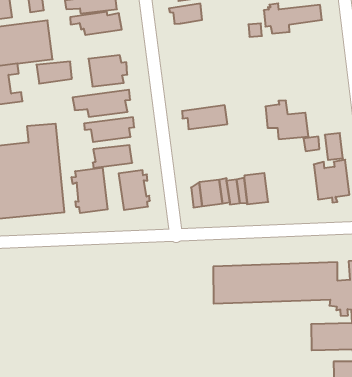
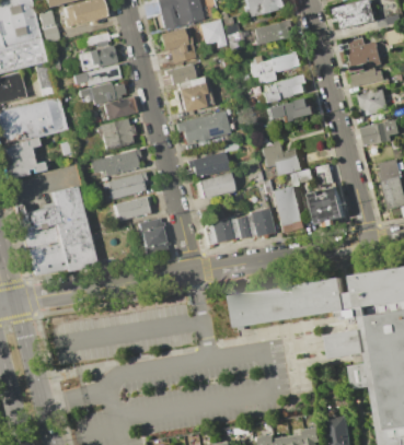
building: none -> [176,77,205,112]
building: none -> [263,74,308,102]
building: none -> [266,97,315,121]
building: none -> [174,110,229,143]
building: [36,62,72,84] -> [102,96,135,119]
building: none -> [197,172,233,198]
building: none -> [263,179,304,233]
building: [72,168,108,213] -> none

